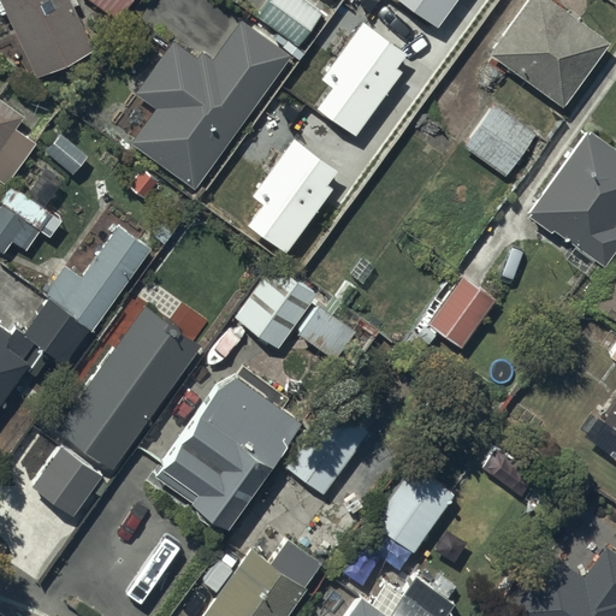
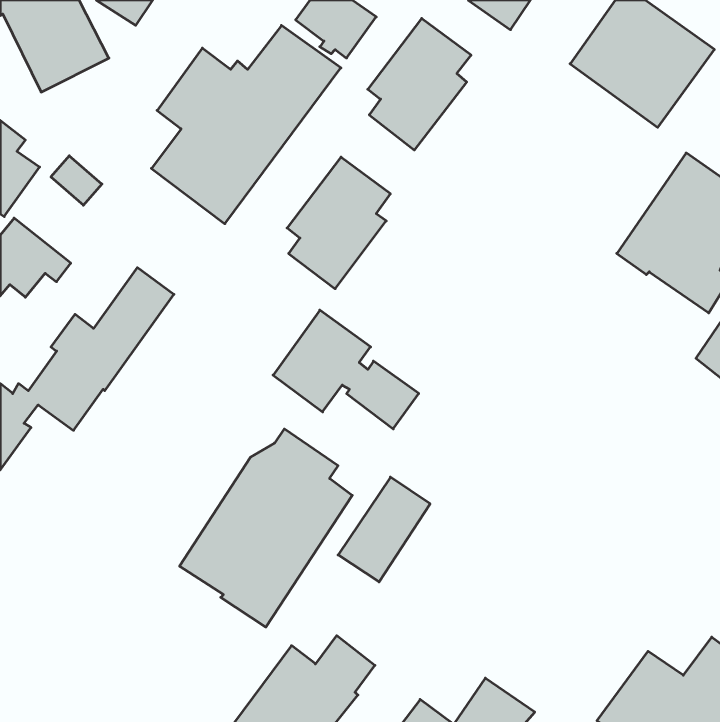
building: [463,105,535,177] -> none
building: [426,277,497,351] -> none
building: [55,310,199,470] -> none
building: [34,449,101,516] -> none
building: [373,468,454,555] -> none

